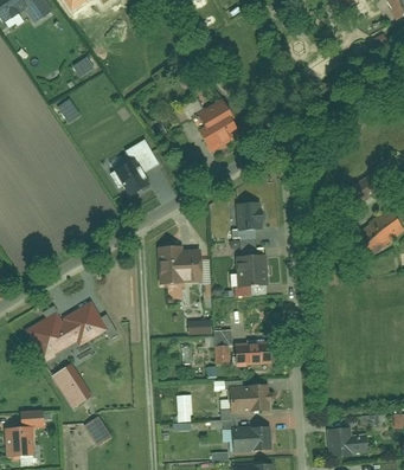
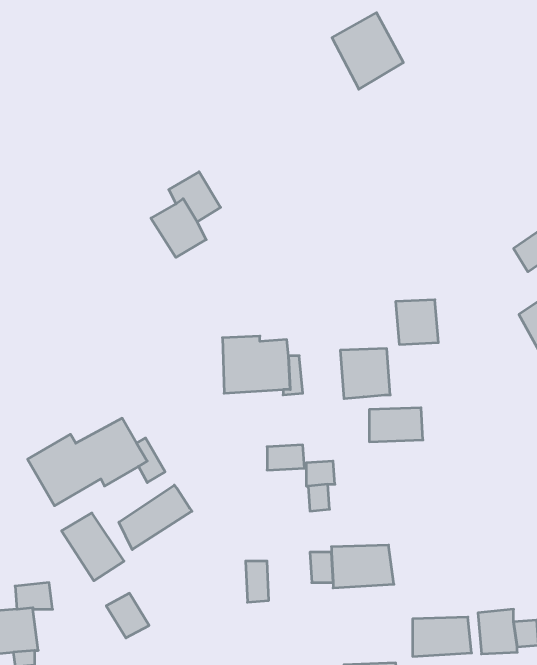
building: [193,101,241,152] -> [332,13,403,89]
building: [235,201,263,231] -> [396,300,438,344]
building: [236,342,271,365] -> [369,408,423,442]
building: none -> [119,485,192,550]
building: [233,426,272,452] -> [413,617,472,656]

